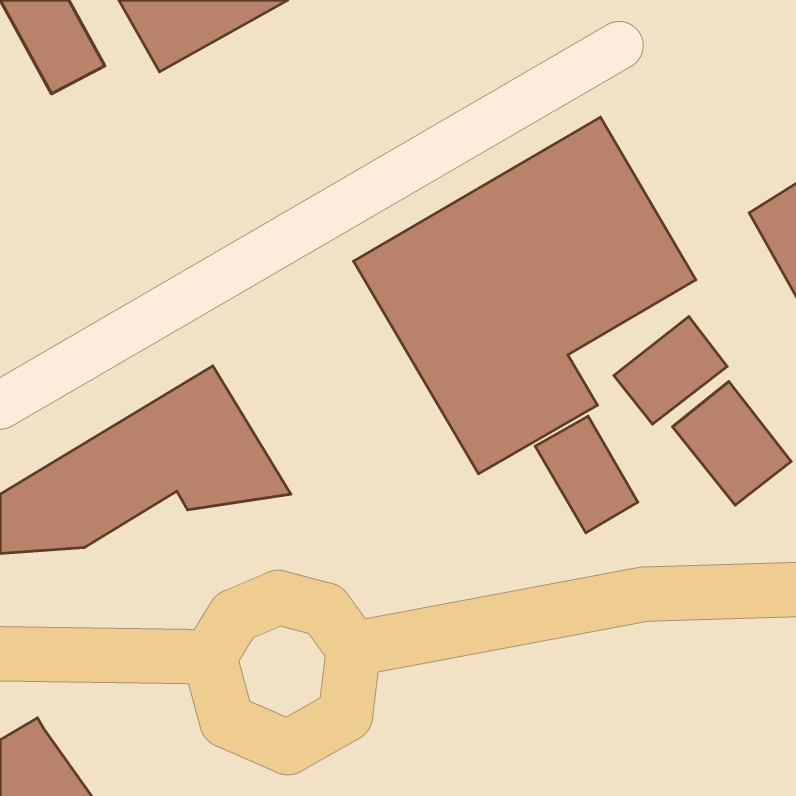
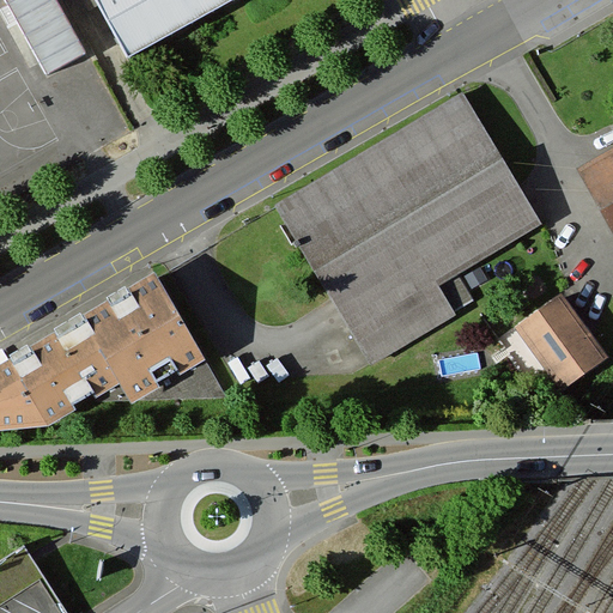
building: [614,316,727,424] -> none
building: [535,416,638,533] -> none

